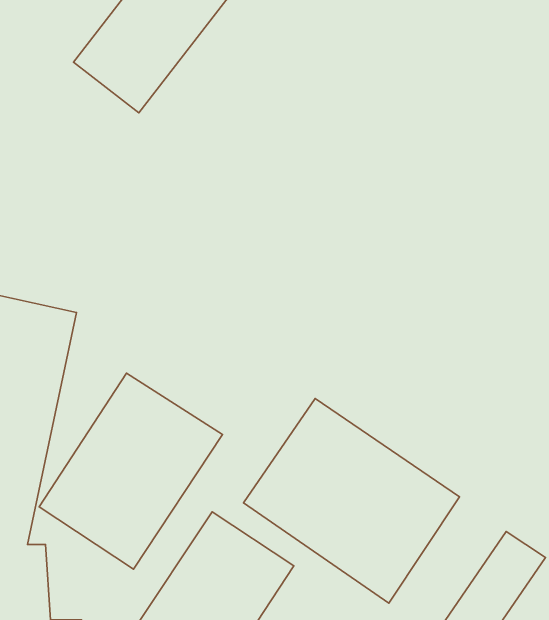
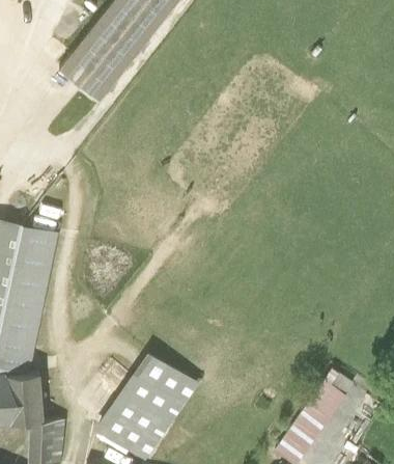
building: [39,373,222,569] -> none
building: [243,399,460,603] -> none

